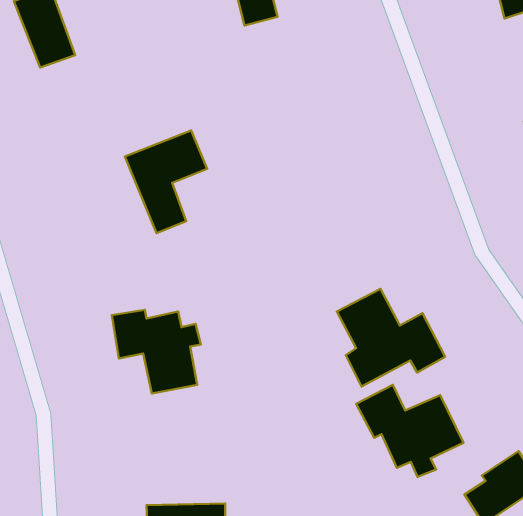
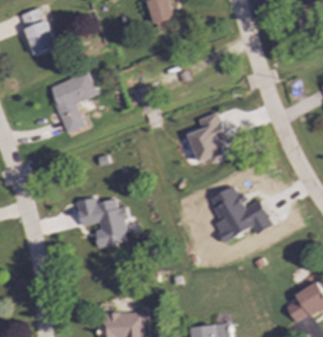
building: [125,130,207,233] -> [47,71,96,132]
building: none -> [189,111,230,163]
building: [356,385,463,477] -> none

